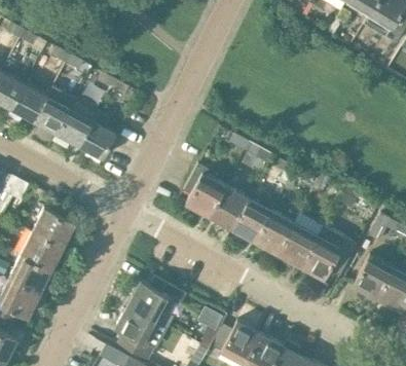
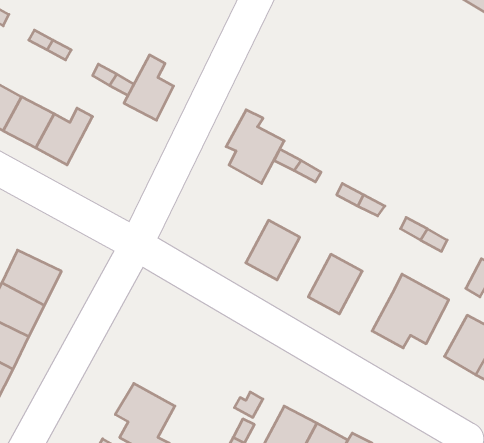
building: [79,112,115,159] -> [124,55,174,120]
building: [183,164,225,218] -> [226,110,284,184]
building: [231,199,270,243] -> none
building: [276,224,317,267] -> none
building: [127,277,176,327] -> none

